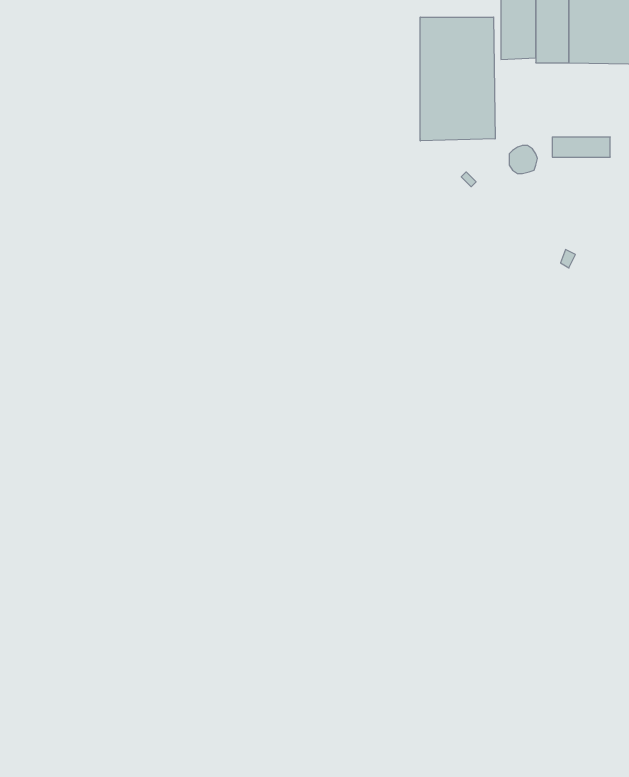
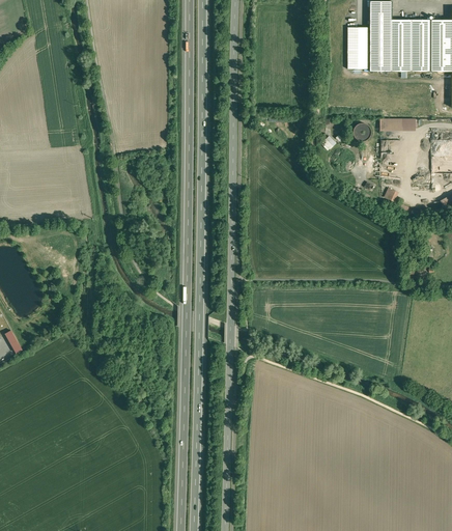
building: [420,17,495,141] -> none

